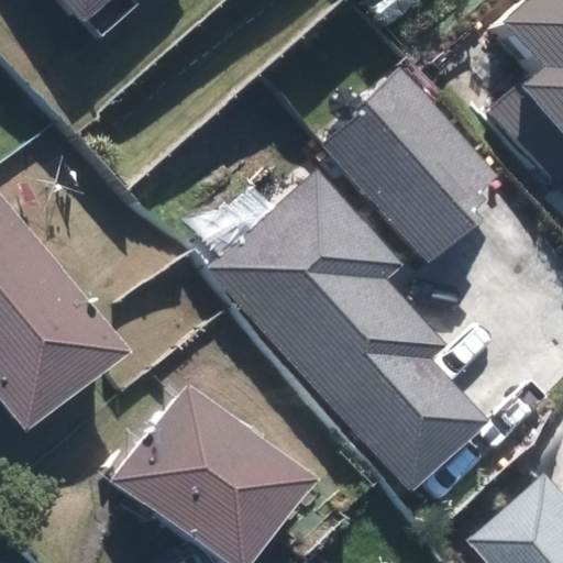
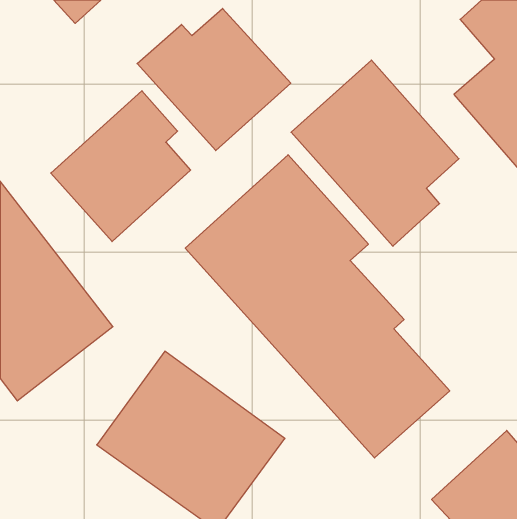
building: none -> [137,8,291,151]
building: none -> [51,91,191,242]

